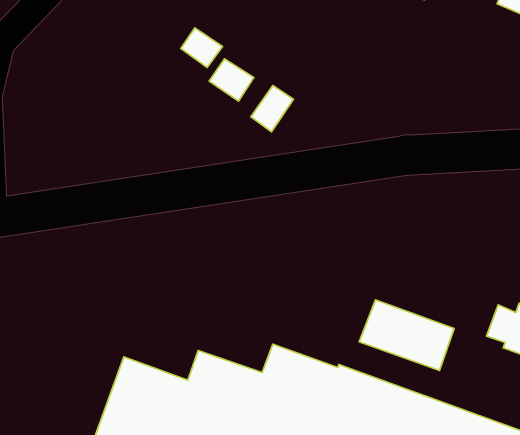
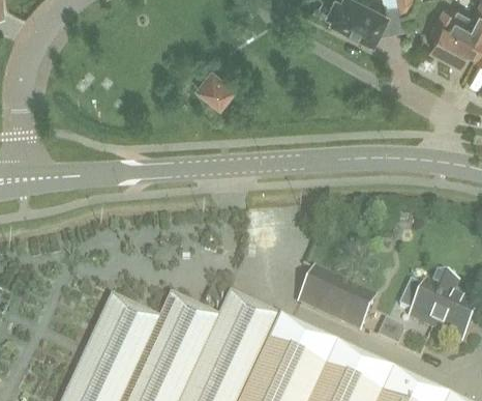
building: [181,28,222,68] -> none
building: [251,86,293,132] -> none

